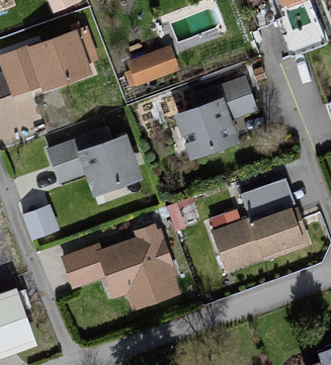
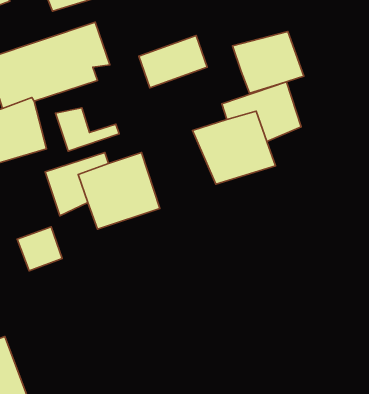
building: none -> [232,32,304,93]
building: none -> [56,108,119,151]
building: [212,174,309,270] -> none
building: [61,219,180,307] -> none

